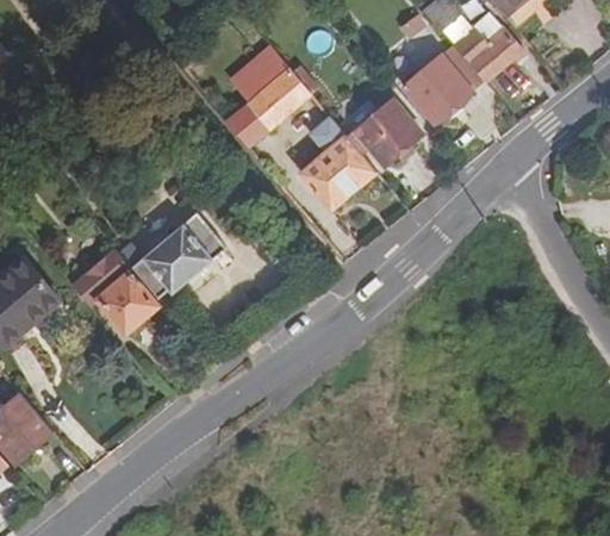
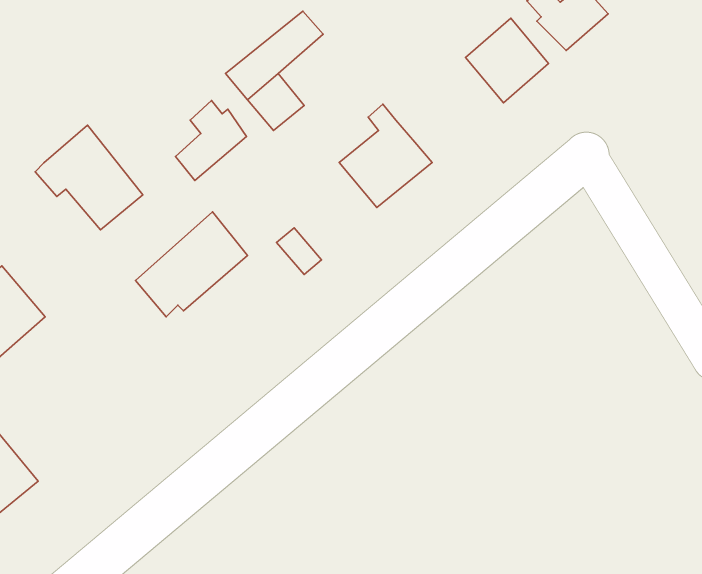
building: [250,67,310,125] -> none
building: [347,99,423,166] -> none
building: none -> [175,100,246,181]
building: [71,247,160,332] -> [35,125,143,230]

